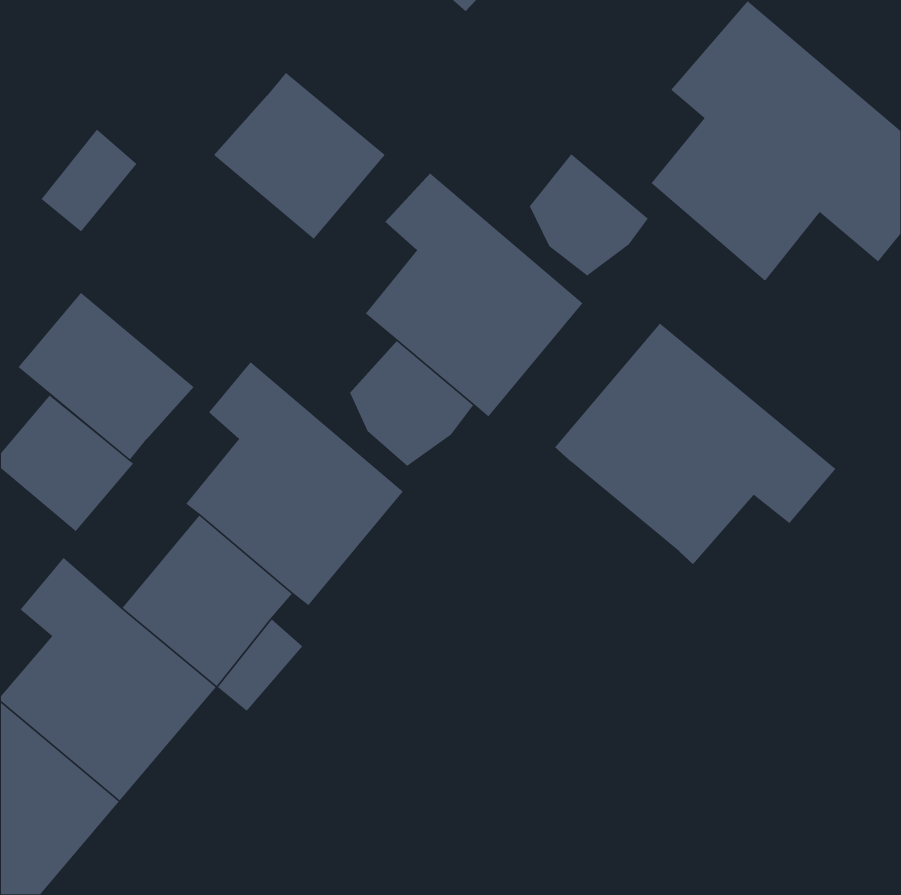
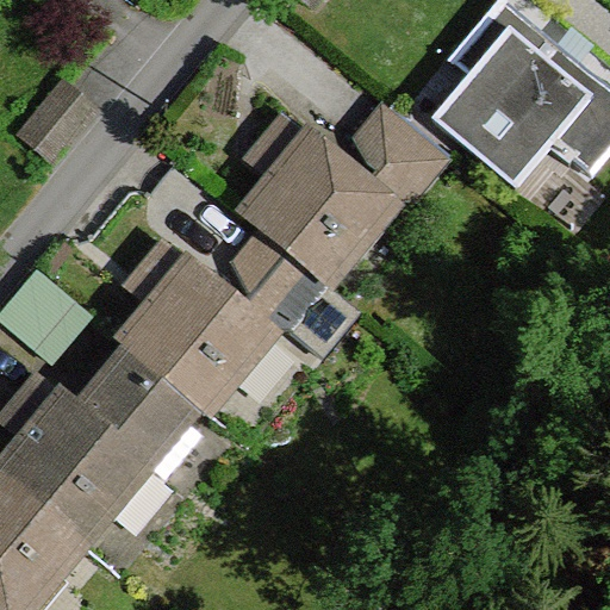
building: [213,72,386,240] -> none
building: [17,292,194,460] -> none
building: [554,323,837,565] -> none

